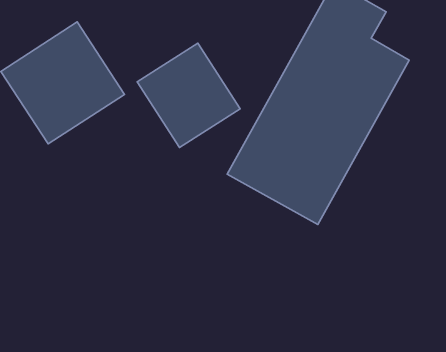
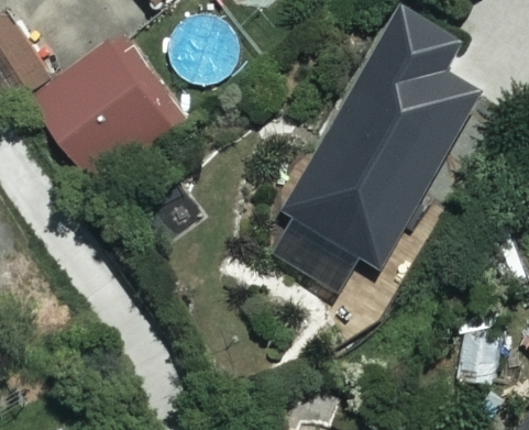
building: [137,43,240,147] -> none

